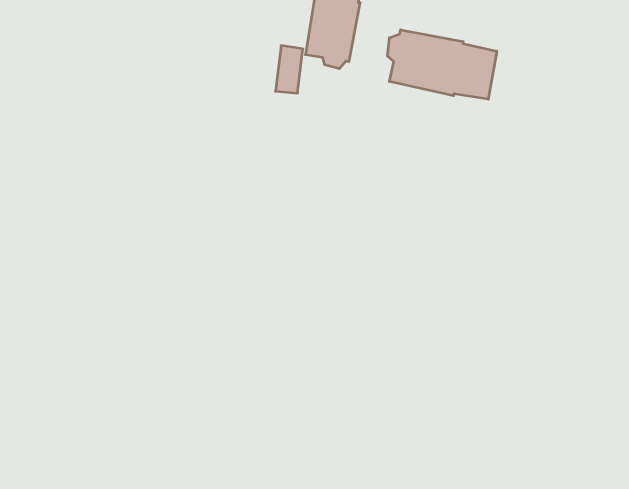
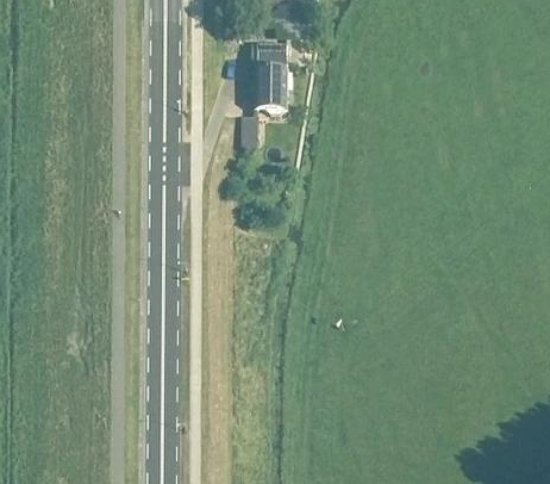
building: [387,30,497,99] -> none

